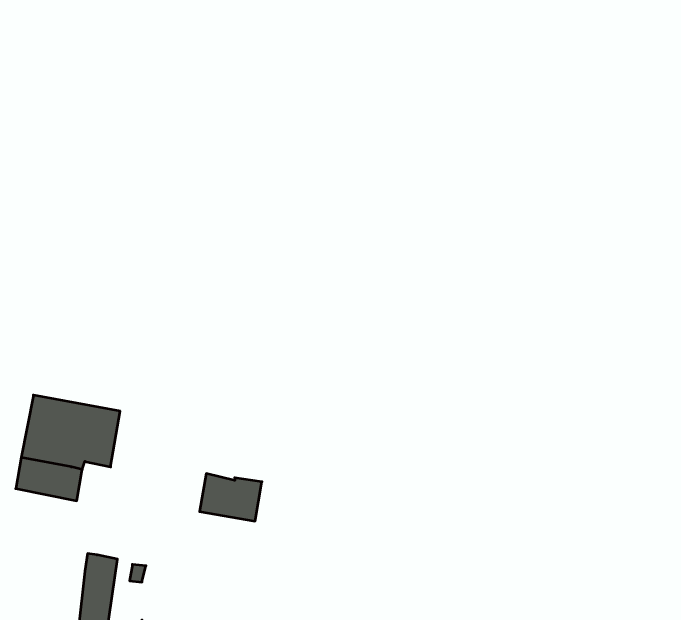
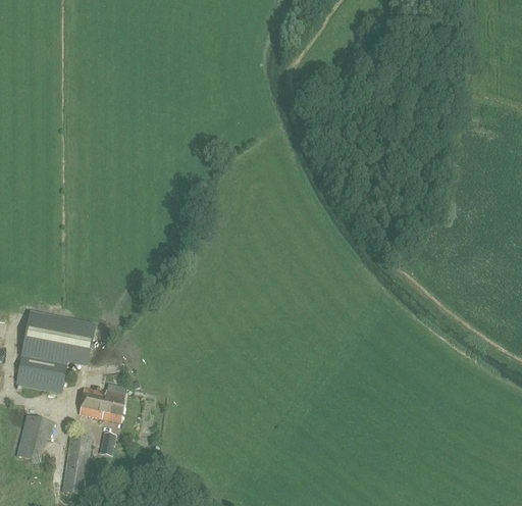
building: [200,474,262,521] -> [80,386,126,421]
building: none -> [16,413,55,461]

